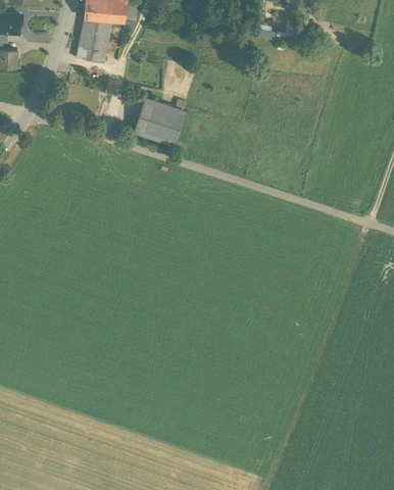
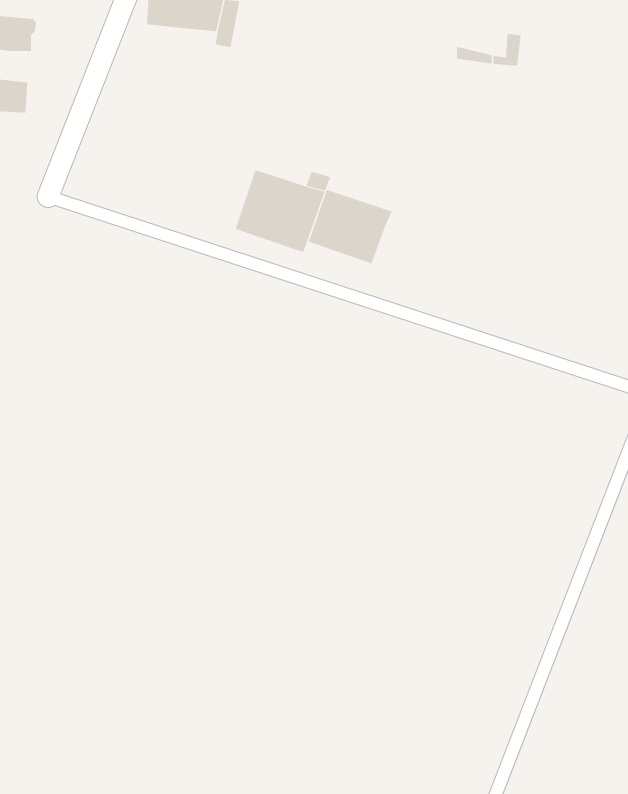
building: [77,17,112,63] -> none
building: none -> [308,189,392,264]

